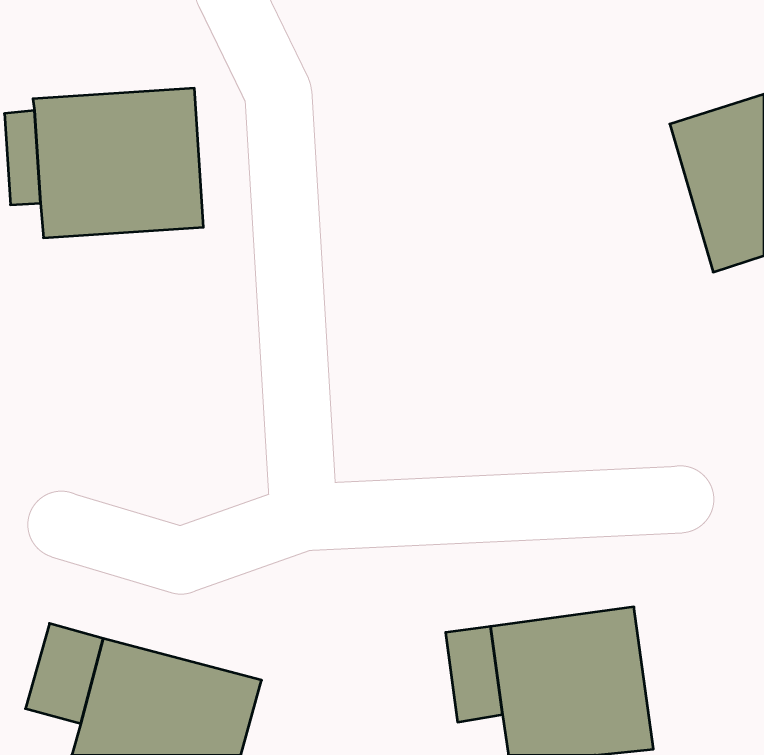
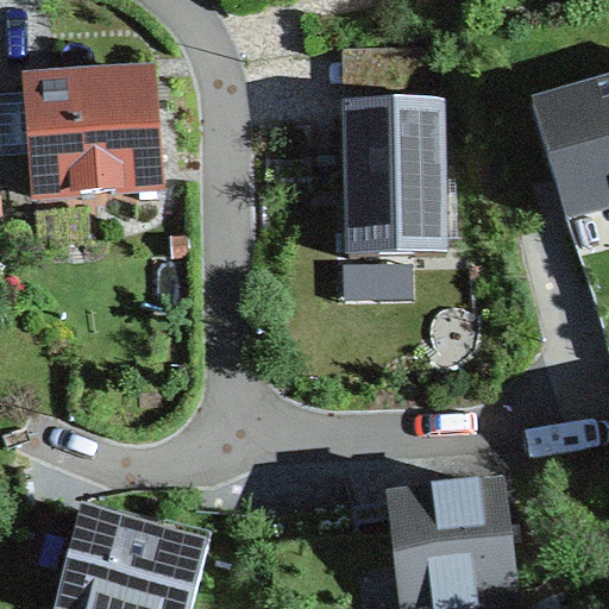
building: none -> [352,105,451,255]

